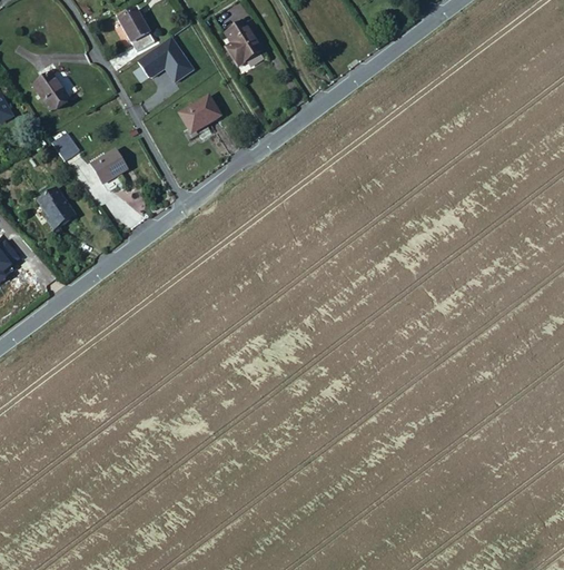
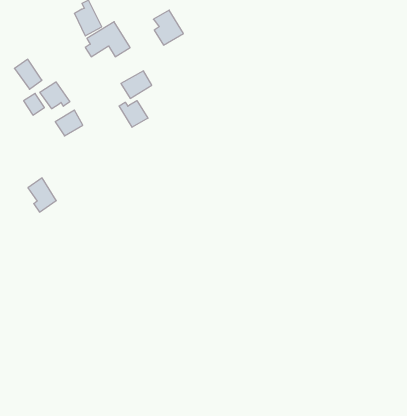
building: none -> [40,82,70,109]
building: none -> [119,101,148,127]
building: [38,181,76,227] -> [28,178,56,212]

